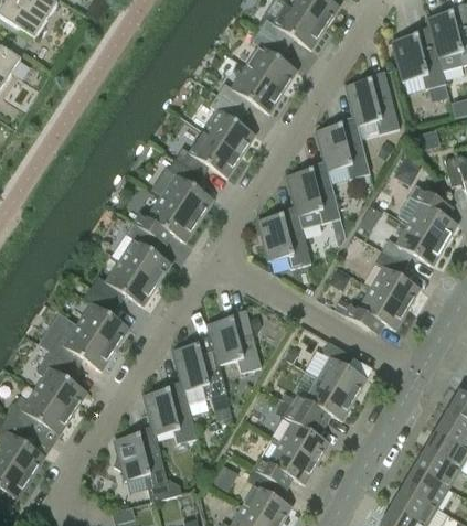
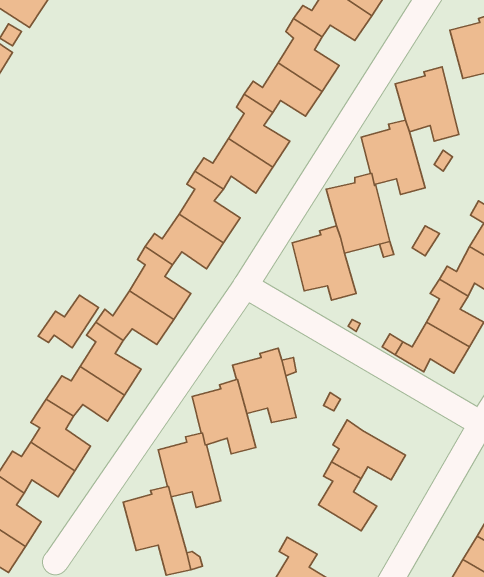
building: none -> [38,295,98,348]
building: [304,342,367,399] -> none
building: [253,441,316,484] -> none

